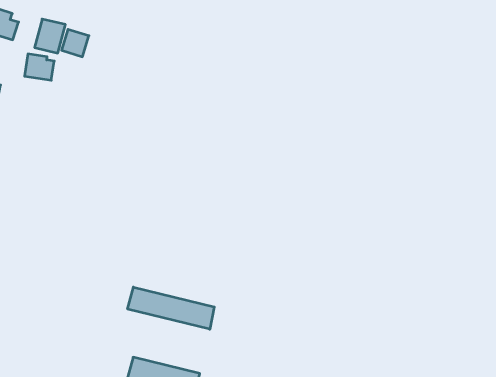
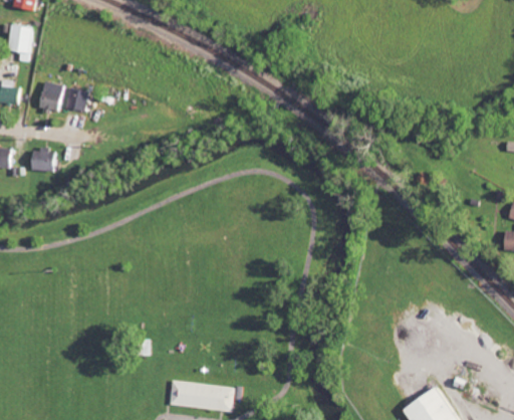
building: [25,54,54,80] -> [30,150,55,171]
building: [128,287,214,329] -> none

